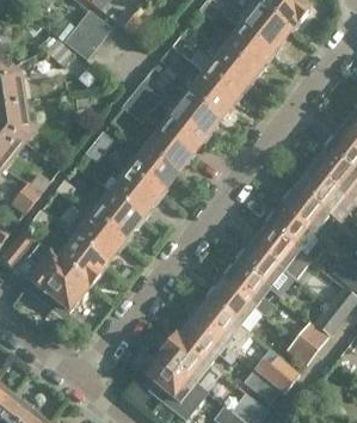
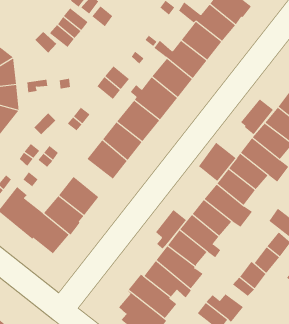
building: none -> [240,99,274,135]
building: none -> [198,142,236,182]
building: [85,194,141,240] -> none
building: none -> [155,209,187,250]

